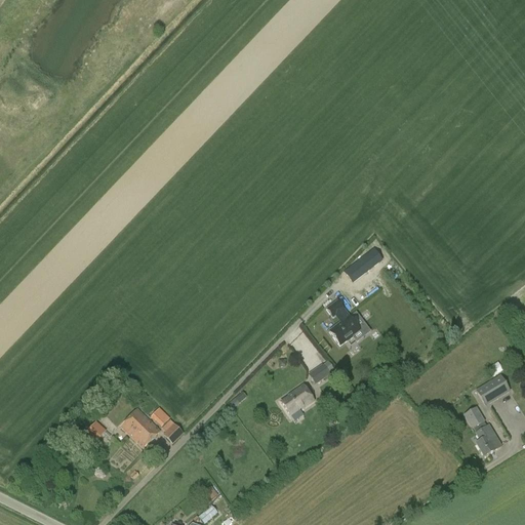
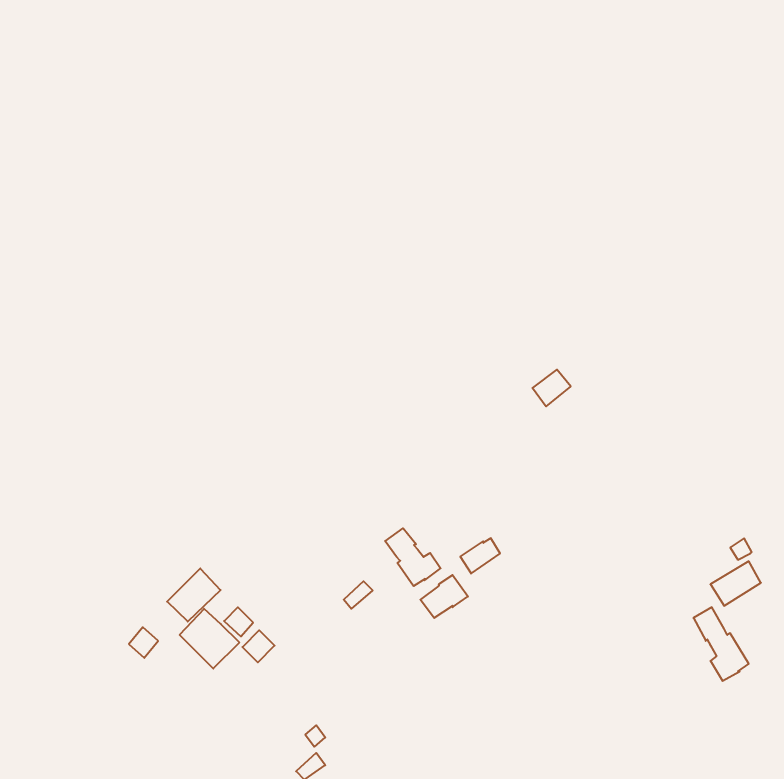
building: [326,299,359,344] -> none
building: none -> [385,528,441,586]
building: none -> [167,568,221,622]

